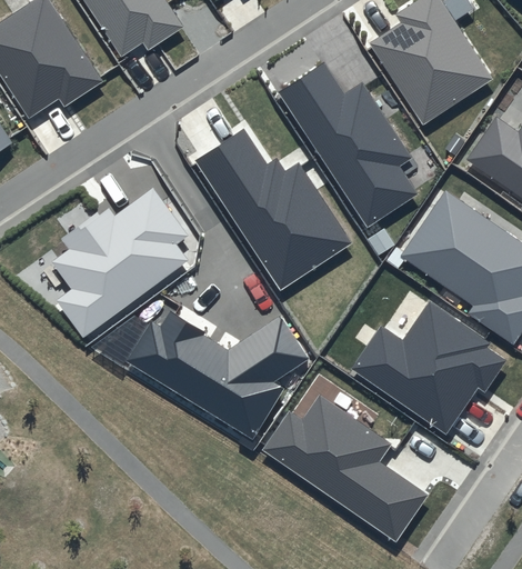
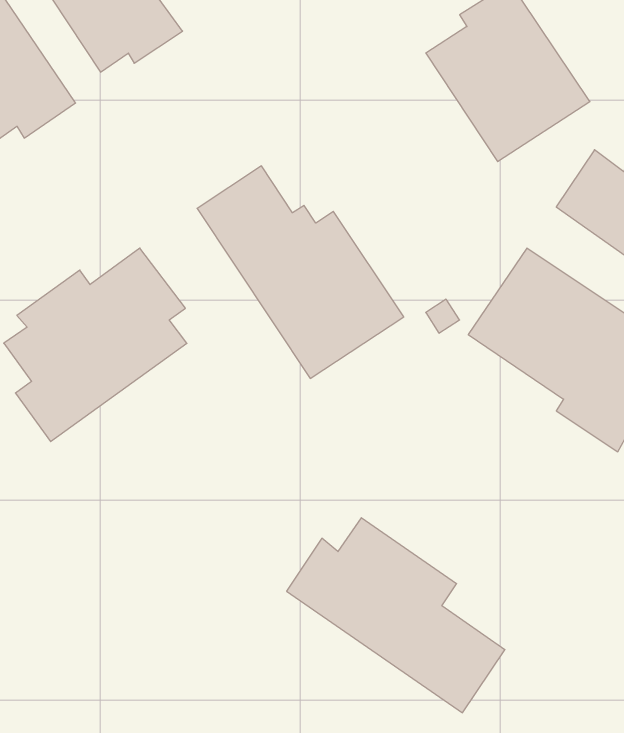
building: [279,61,419,227] -> none
building: [351,301,506,432] -> none
building: [124,312,307,441] -> none

